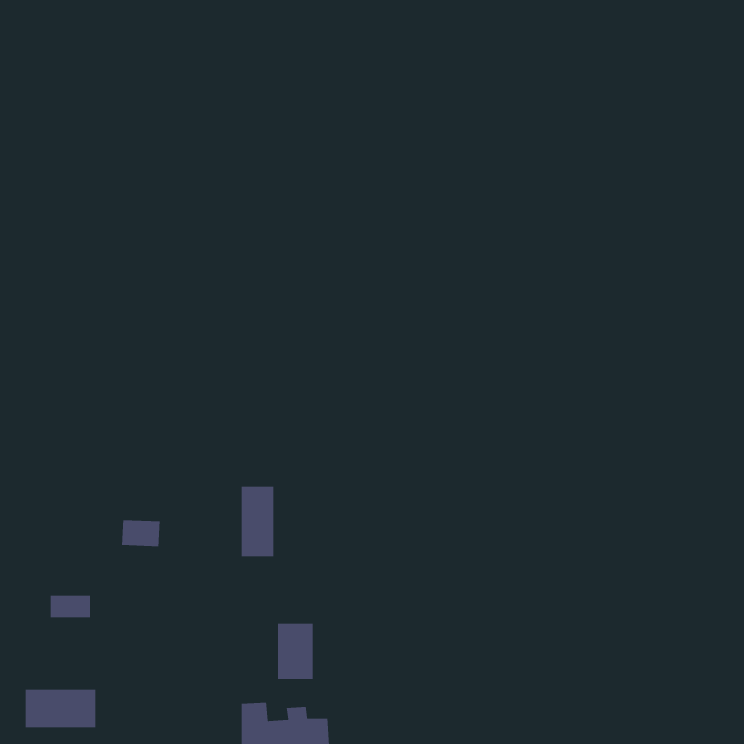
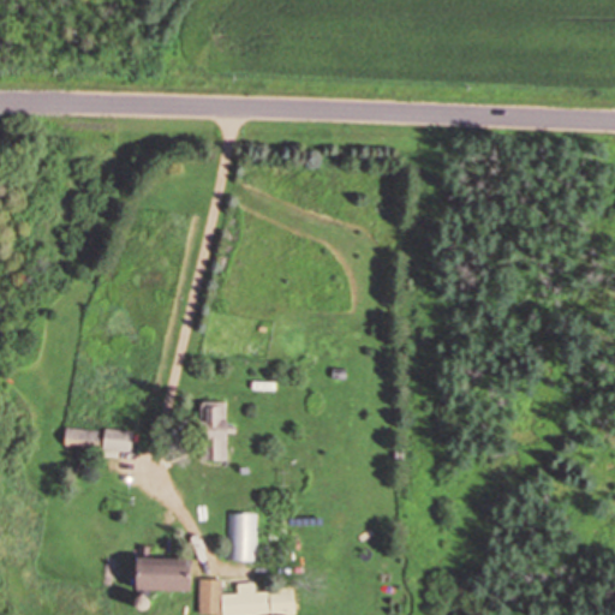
building: [50,595,91,618] -> [65,429,98,448]
building: [25,689,96,728] -> [131,557,190,590]

